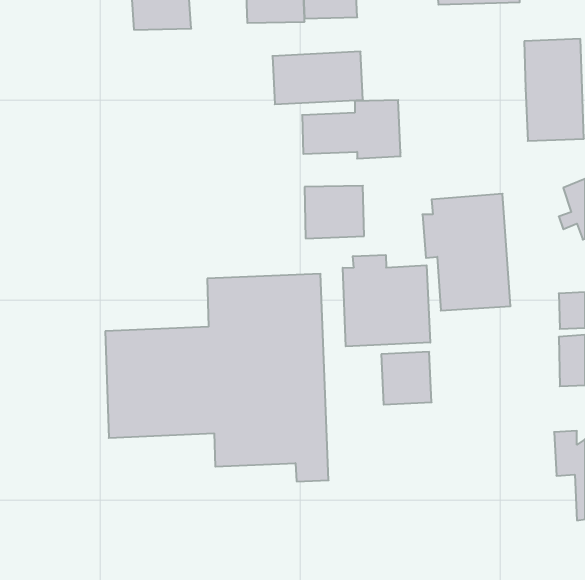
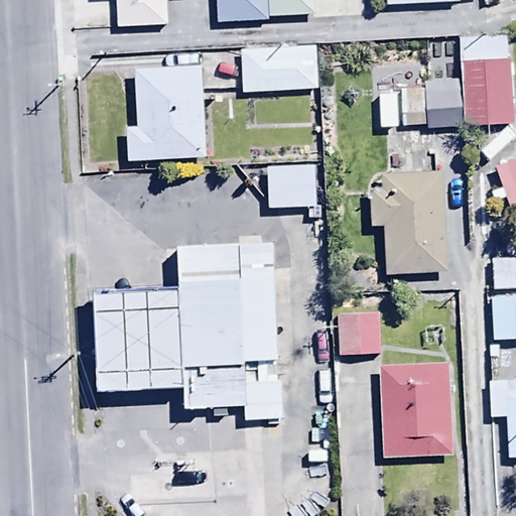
building: none -> [127,67,208,159]
building: [302,100,401,159] -> [378,78,465,129]
building: [343,255,430,346] -> none
building: none -> [378,361,453,457]

